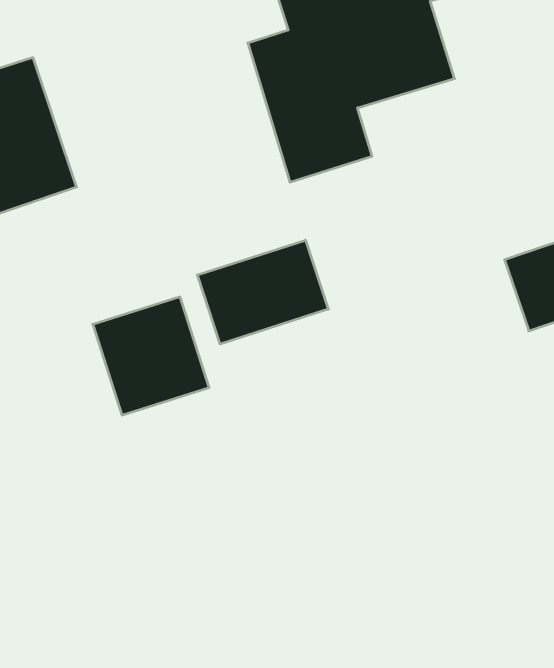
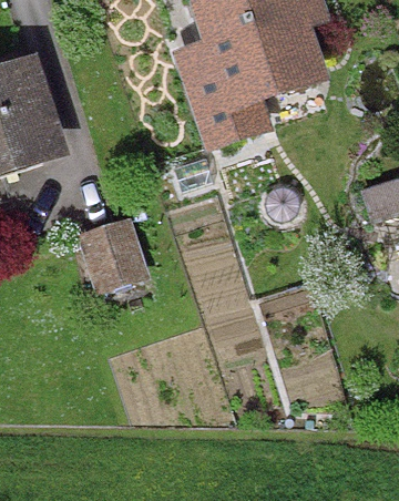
building: [197,240,328,344] -> none

